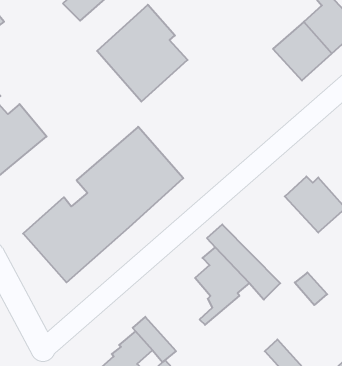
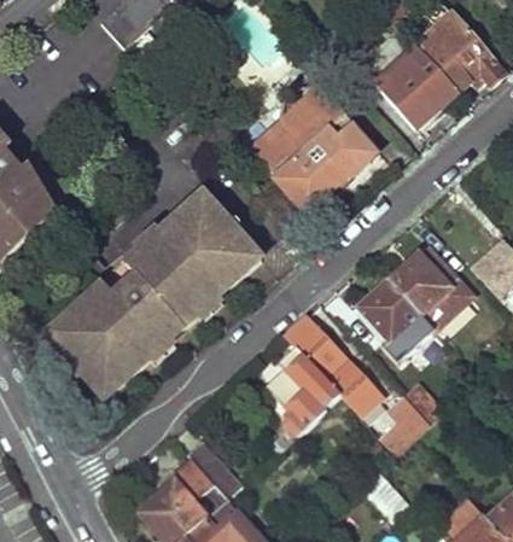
building: [97,5,188,102] -> [246,82,367,211]
building: none -> [361,280,435,361]
building: none -> [384,395,430,455]

